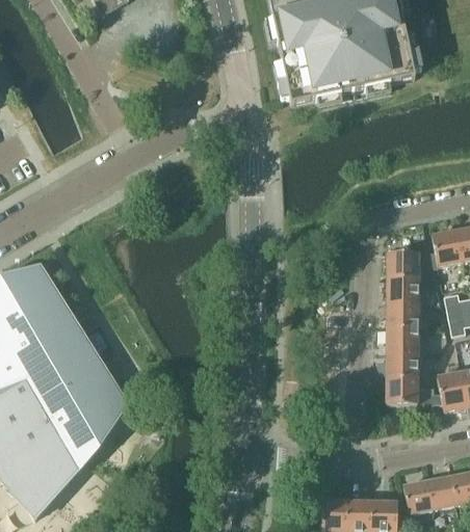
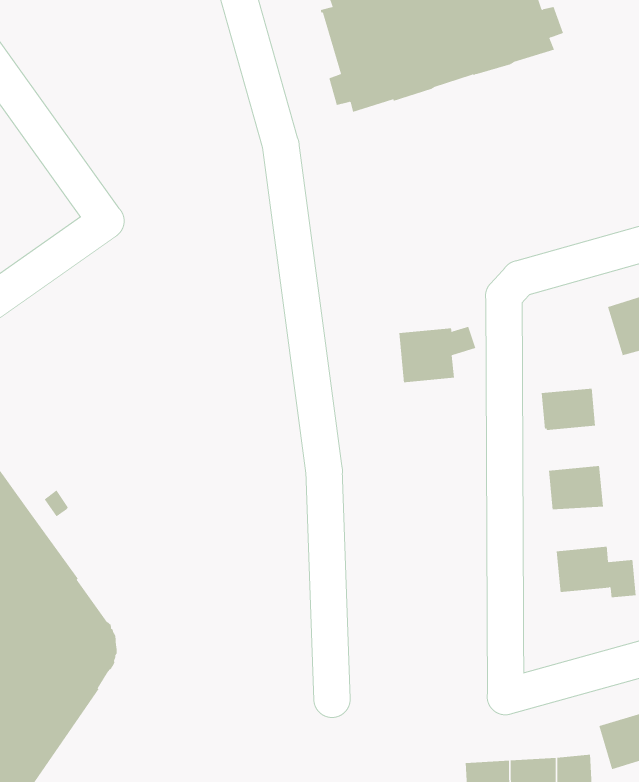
building: [388,251,434,282] -> [398,326,476,383]
building: [388,303,419,328] -> none
building: [388,352,419,377] -> none

